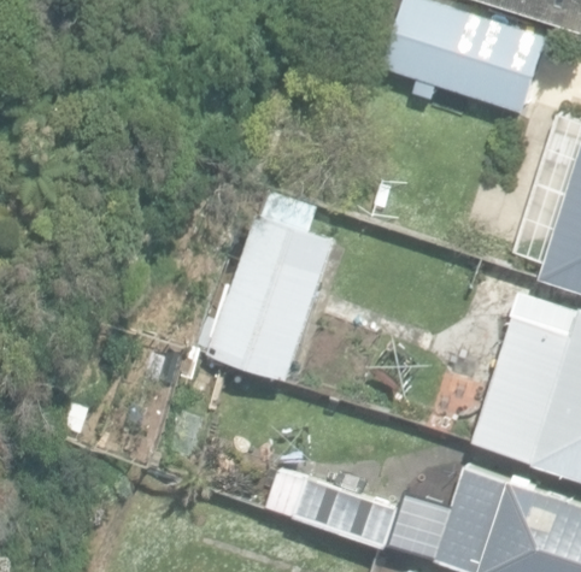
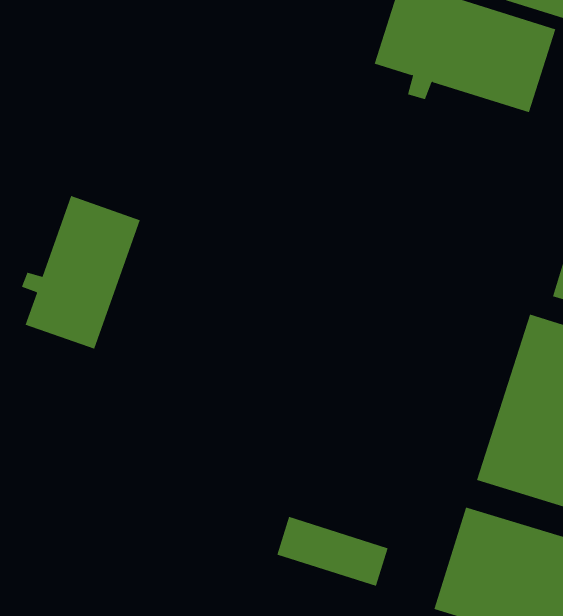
building: none -> [21,195,141,350]
building: [207,214,338,382] -> none

